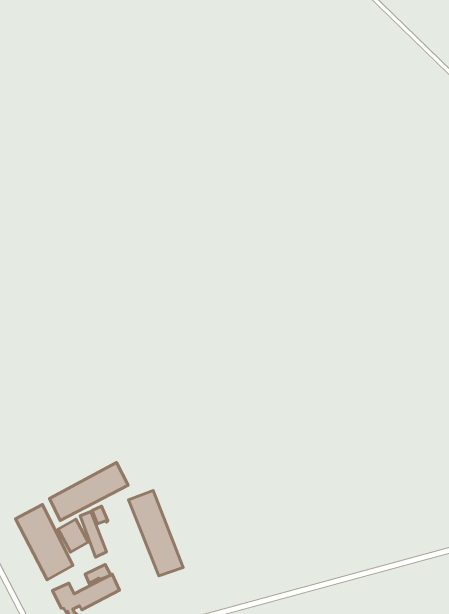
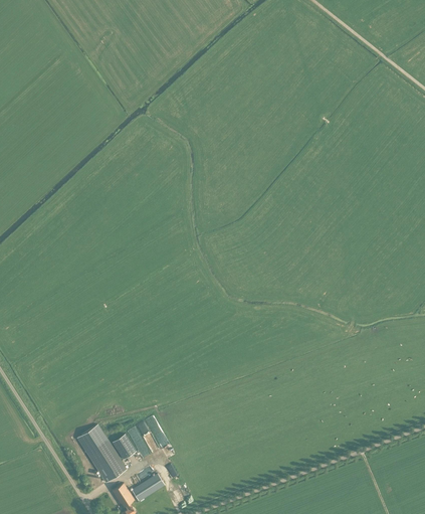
building: [50,463,128,521] -> none
building: [128,490,183,576] -> none

